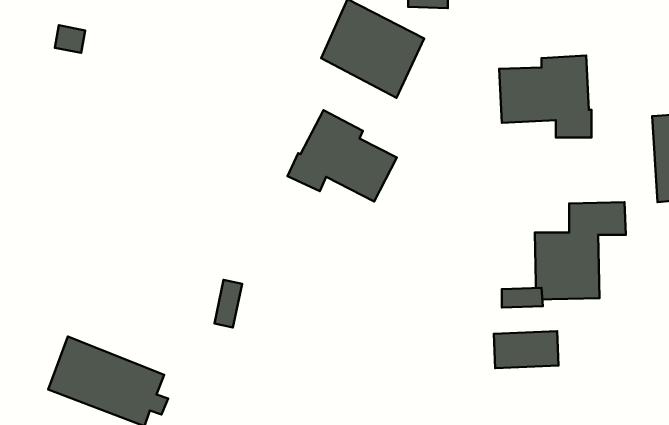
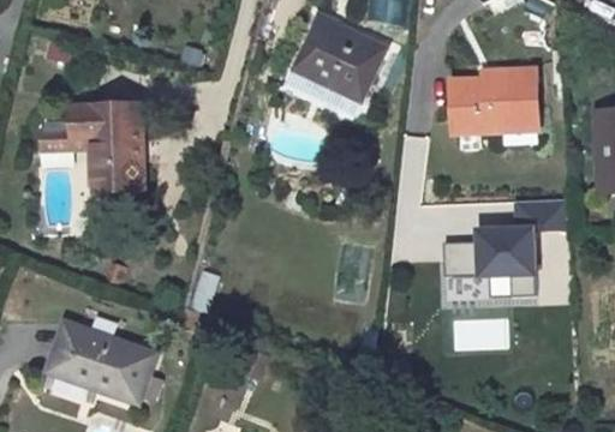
building: none -> [34,103,139,191]
building: [288,110,397,202] -> none
building: none -> [443,241,486,276]

